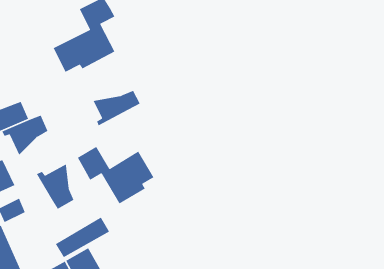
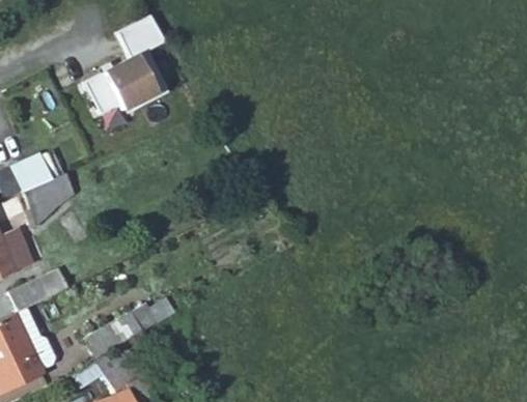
building: [93,90,141,126] -> none
building: [77,146,154,204] -> none
building: [36,163,74,210] -> none

